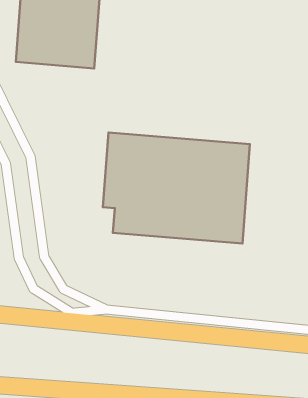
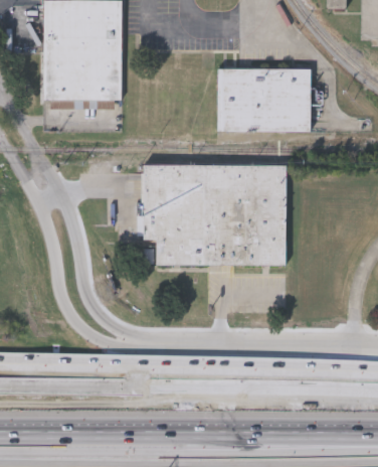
building: none -> [219,67,312,132]

